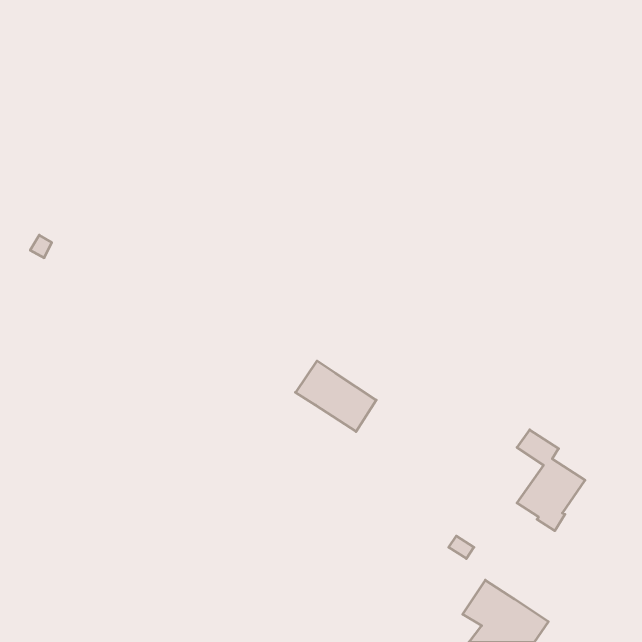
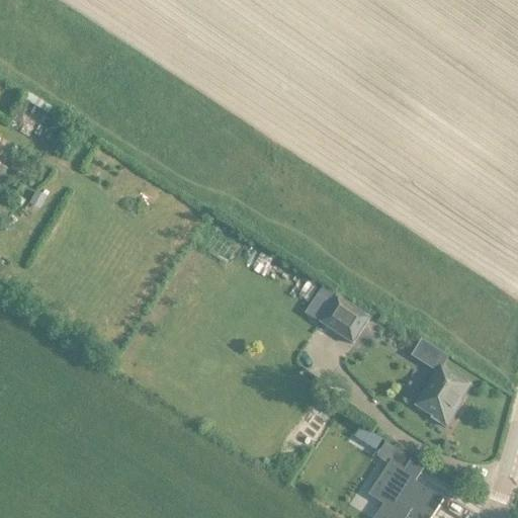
building: [295,361,376,432] -> [301,286,366,343]
building: none -> [373,440,410,471]

